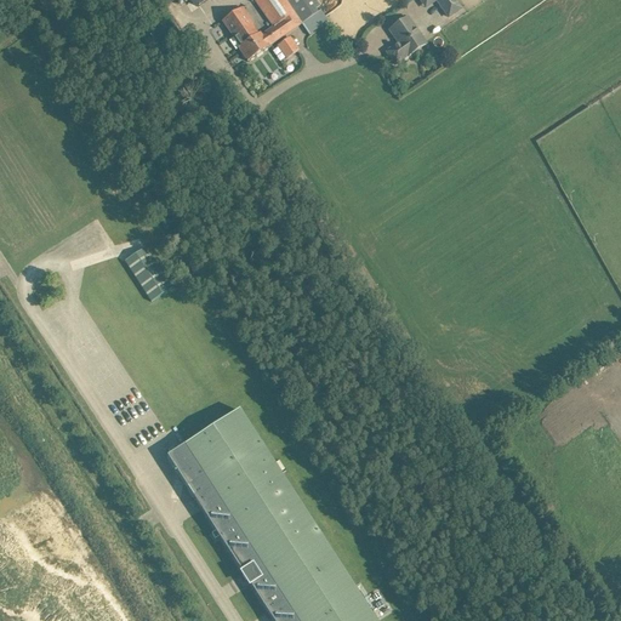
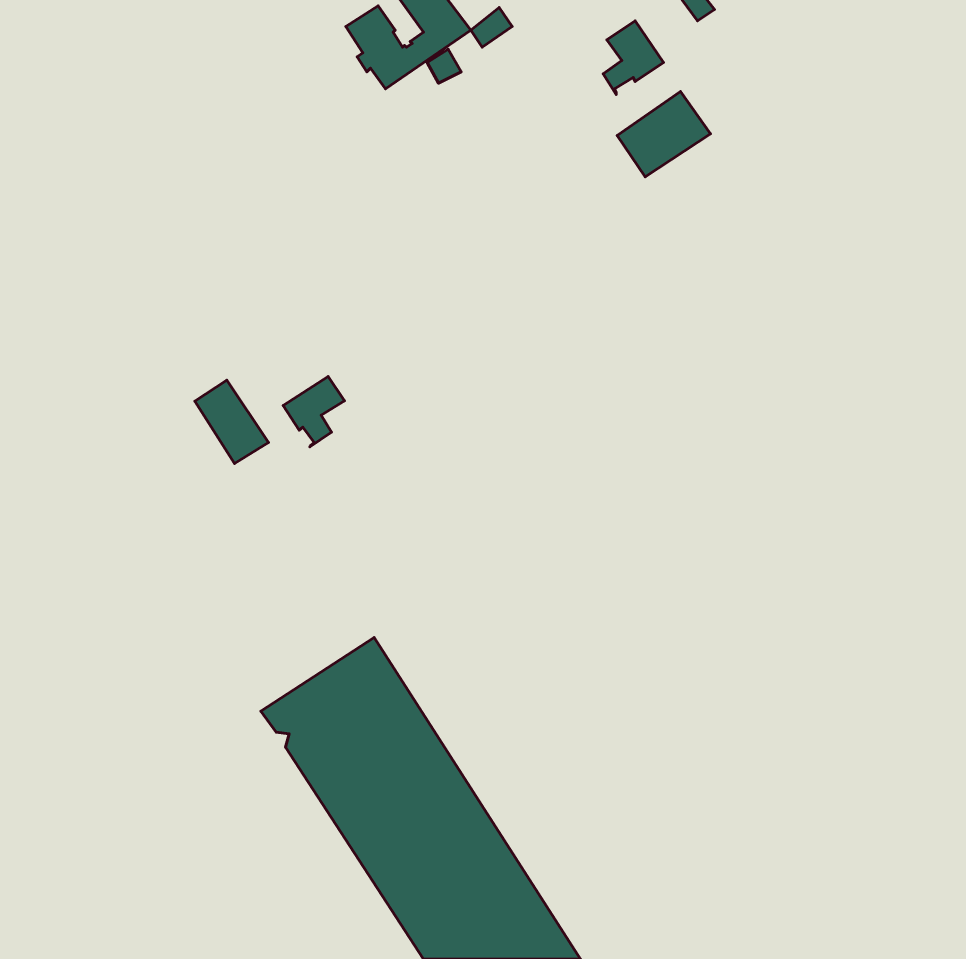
building: none -> [617,92,711,177]
building: none -> [283,376,344,447]

